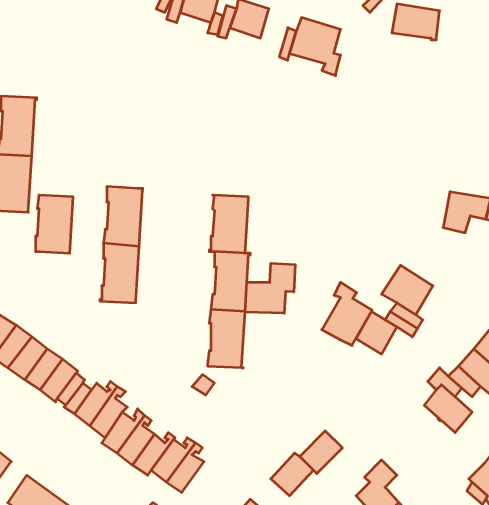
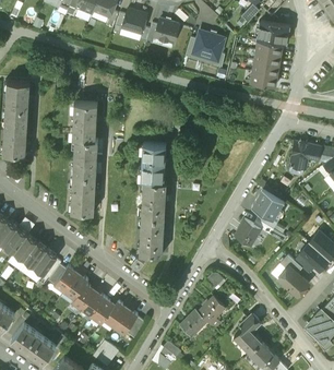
building: none -> [250,41,283,88]
building: [36,195,73,253] -> [73,104,97,141]
building: [245,263,295,313] -> none
building: [322,282,372,346] -> none

